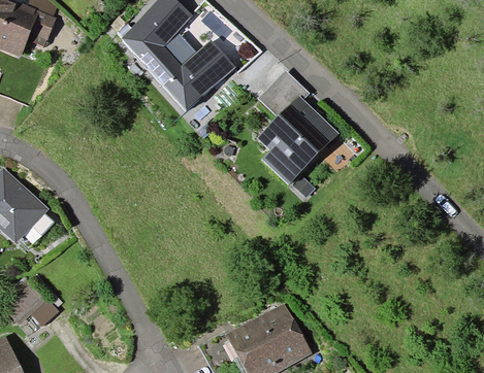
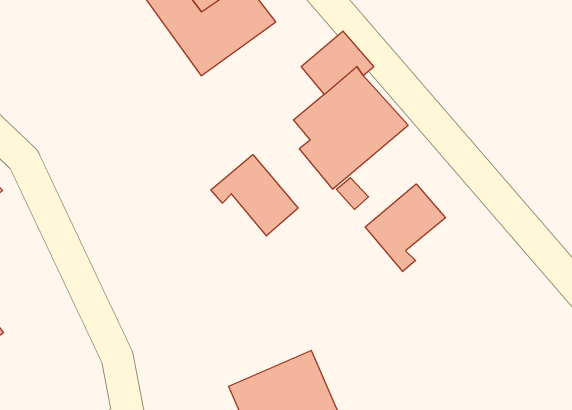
building: none -> [211,155,298,236]
building: none -> [365,184,446,272]

